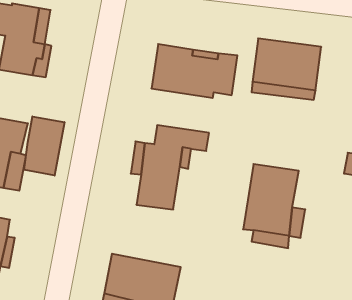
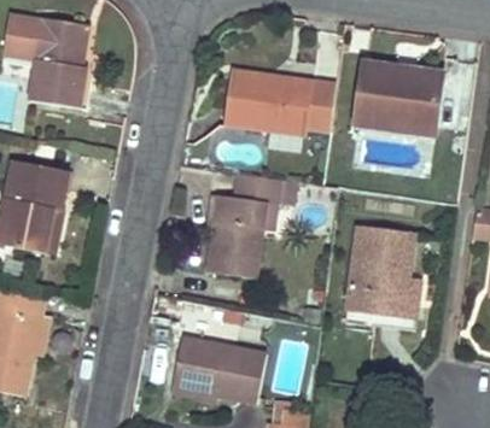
building: [24,116,64,176] -> none

